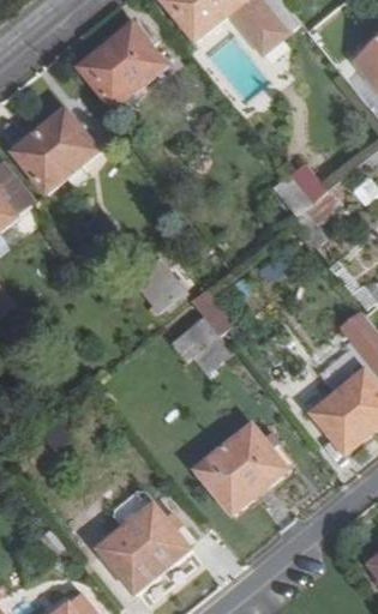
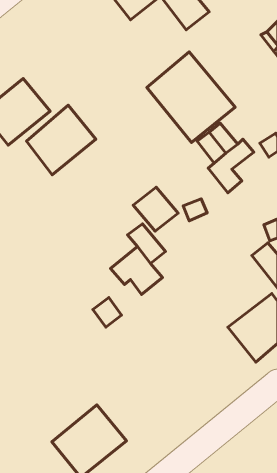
building: [80,24,164,108] -> [26,105,96,175]
building: none -> [147,52,235,142]
building: [130,258,184,311] -> [133,187,178,231]
building: [196,425,287,512] -> none

